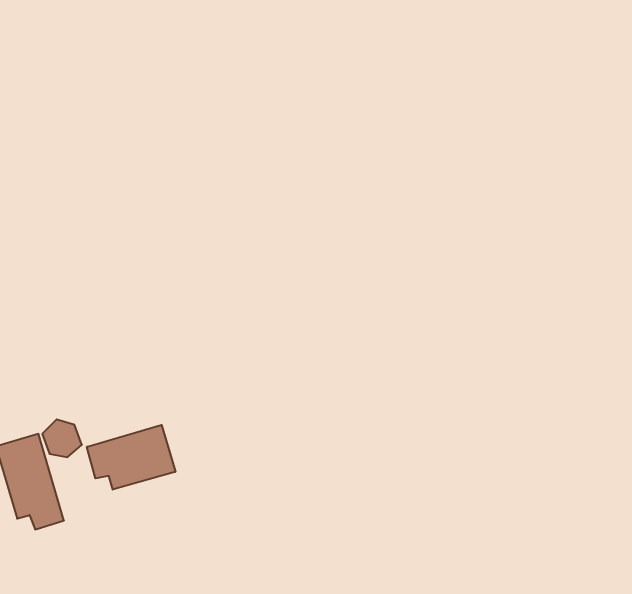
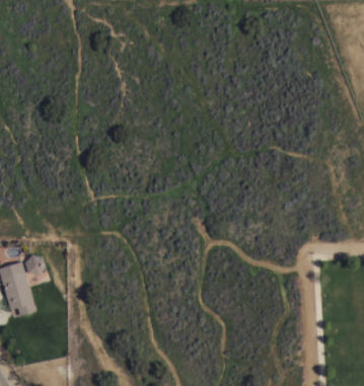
building: [87,425,175,490] -> none

